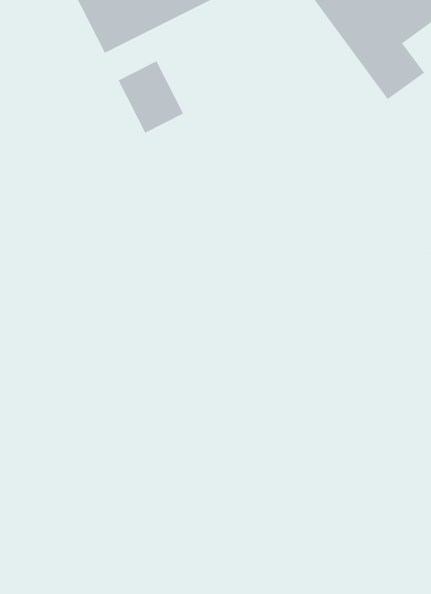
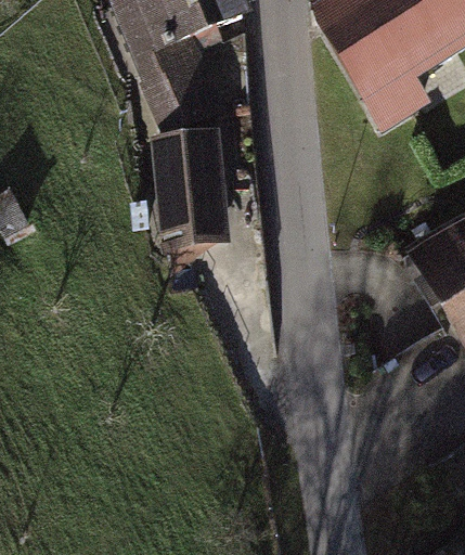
building: none -> [163,137,217,246]

